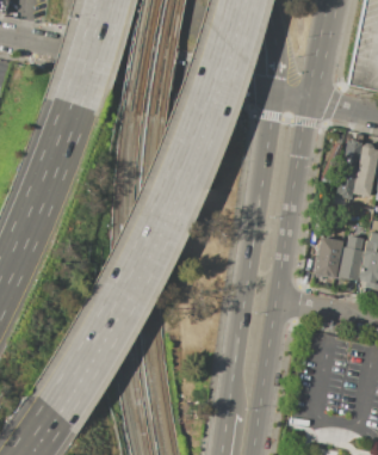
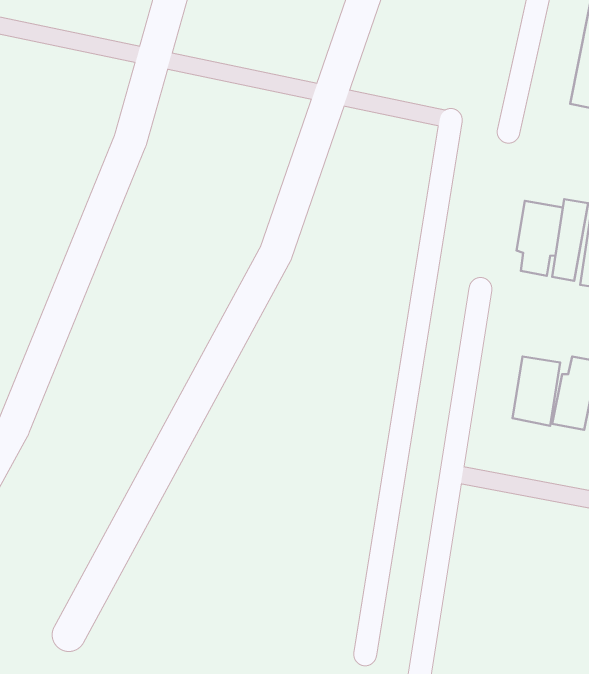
building: none -> [517,201,563,276]

